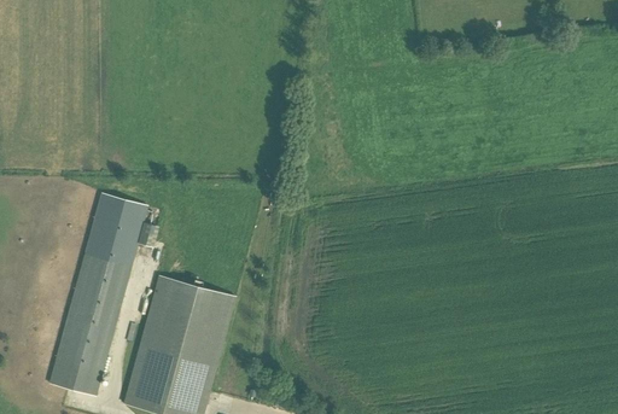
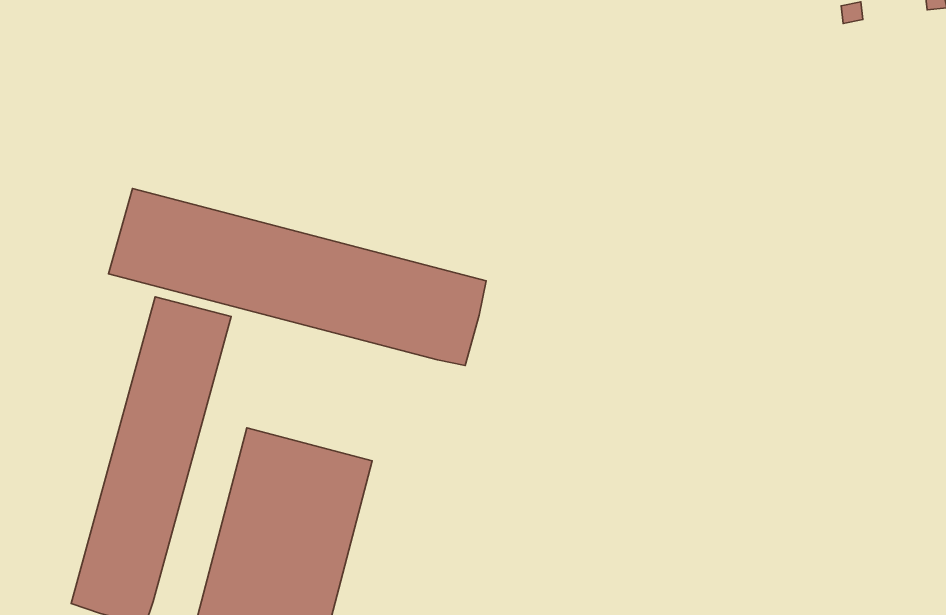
building: none -> [108,188,486,366]

